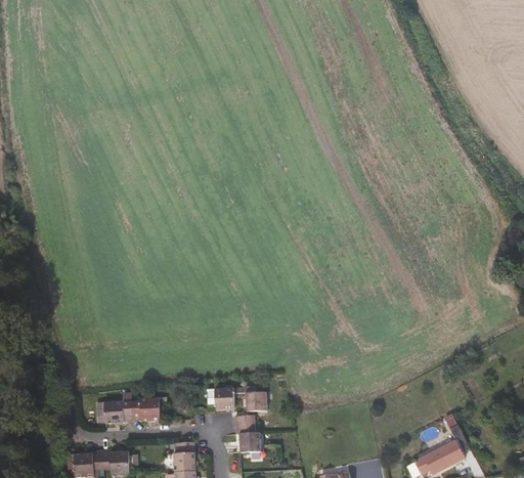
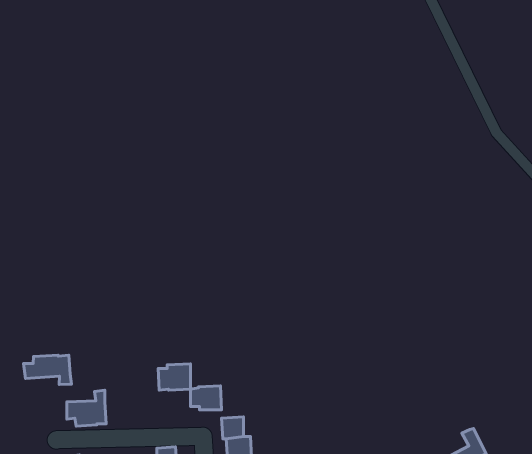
building: none -> [24,355,71,384]
building: [246,393,266,411] -> none
building: [131,398,160,422] -> [158,364,190,390]

